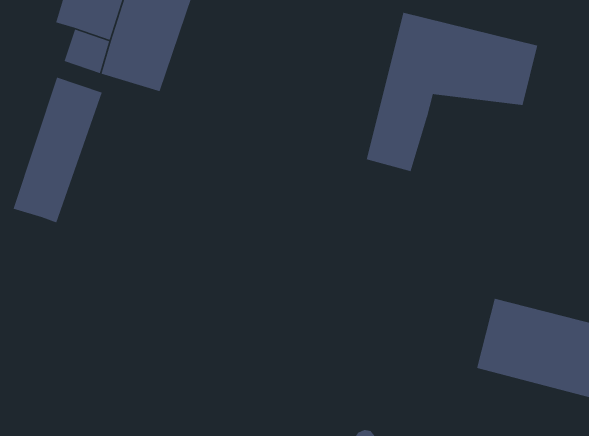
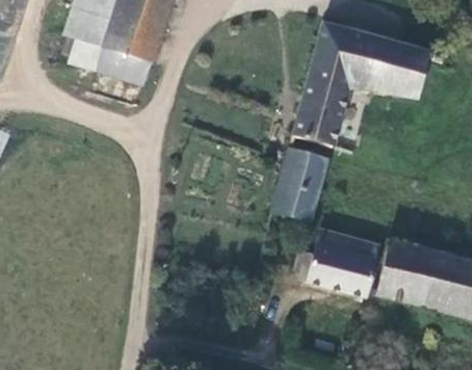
building: [12,76,103,223] -> none
building: none -> [276,151,329,222]
building: none -> [310,231,382,294]

